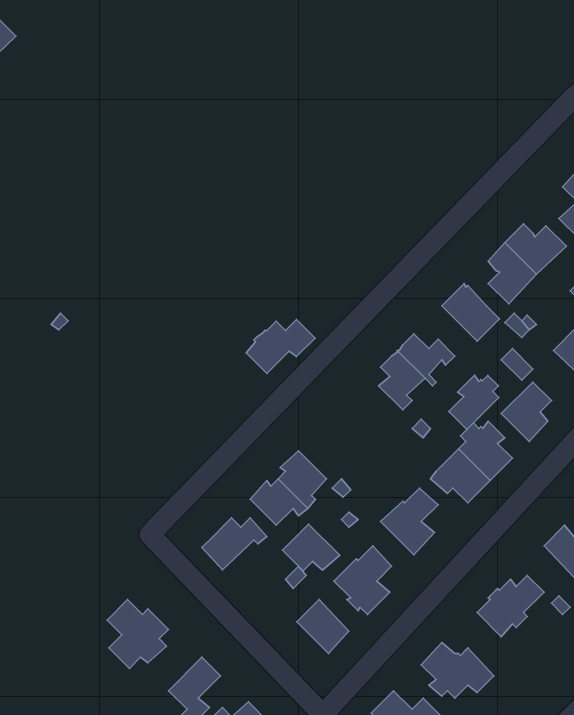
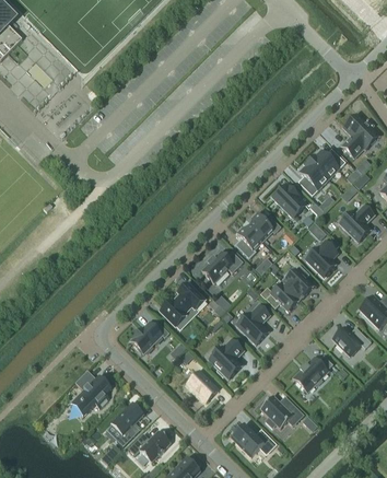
building: [246,319,315,373] -> [202,250,243,282]
building: [449,375,499,429] -> none
building: [283,524,340,571] -> none

